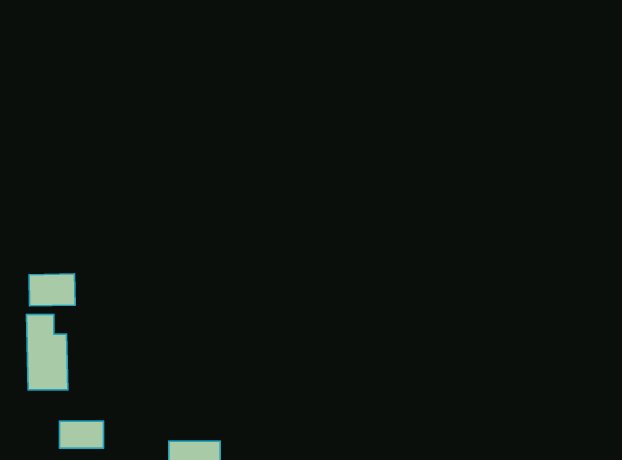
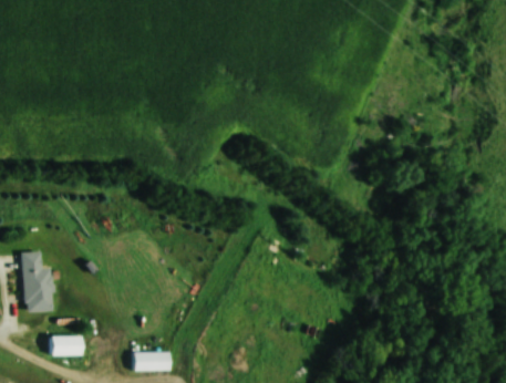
building: [29,274,75,306] -> none

